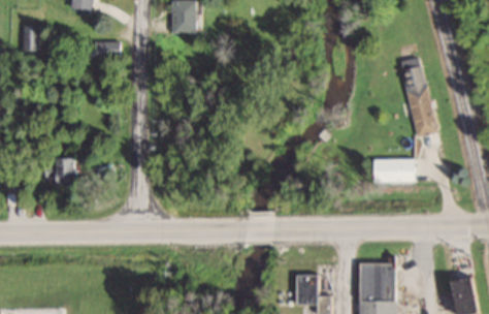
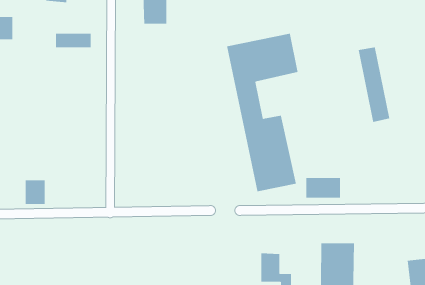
building: none -> [226,33,298,192]
building: [56,157,77,183] -> [25,180,45,204]
building: [376,158,413,180] -> [305,177,341,198]

